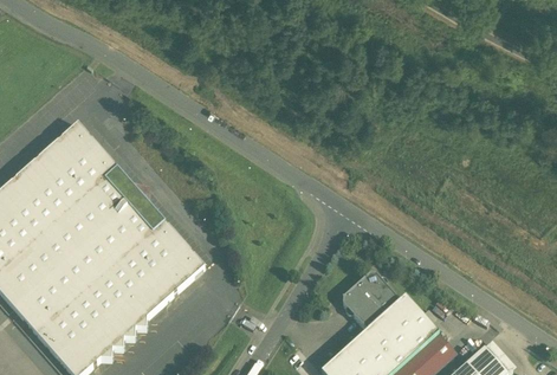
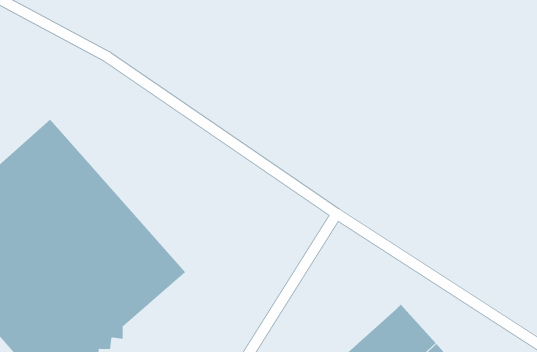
building: [342,272,401,329] -> none

